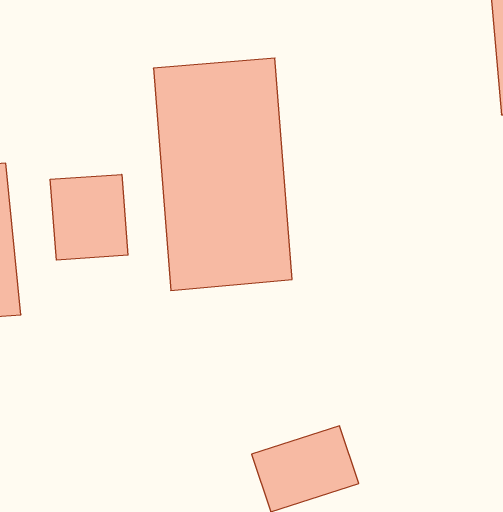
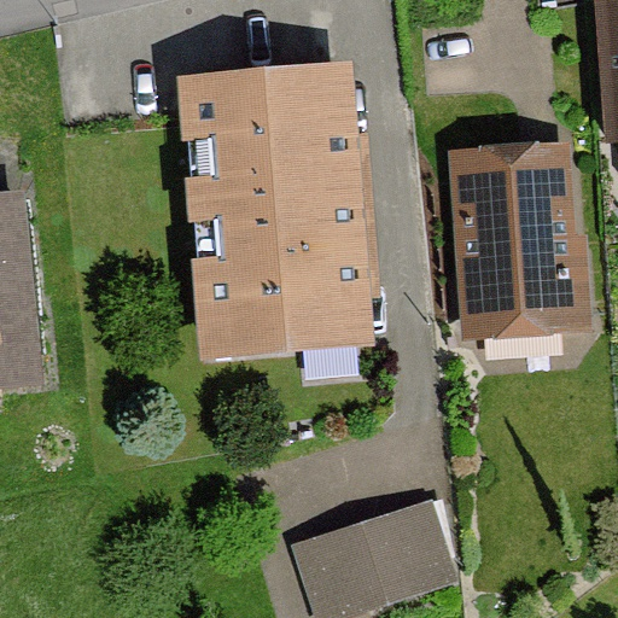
building: none -> [460,148,589,331]
building: [50,174,128,260] -> none

